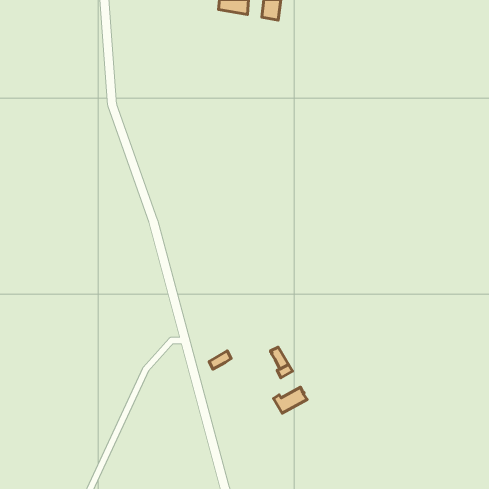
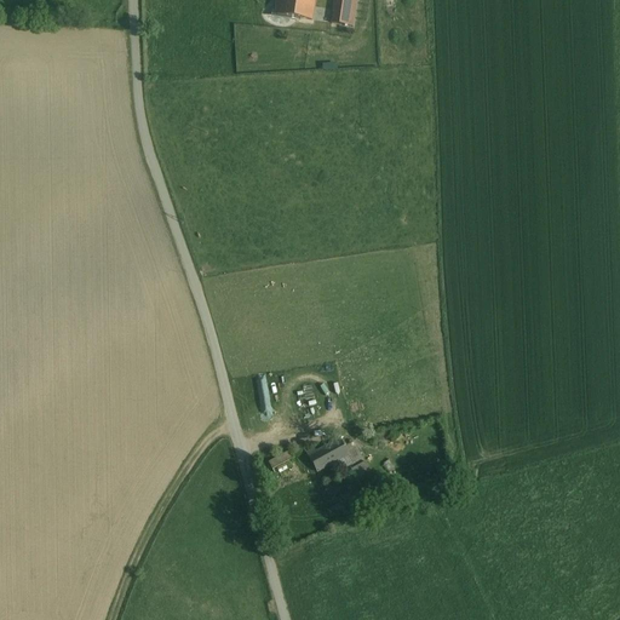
building: [274,387,307,413] -> [305,438,348,471]

